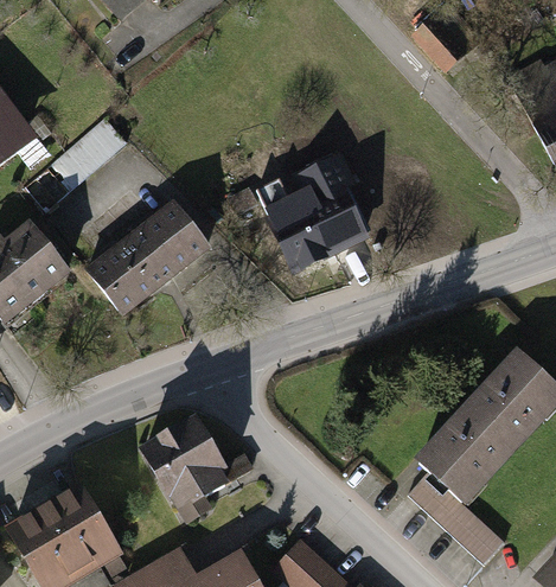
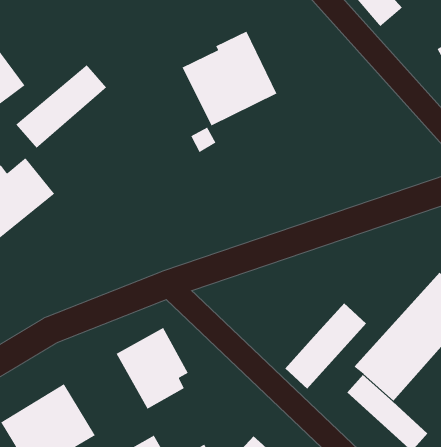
building: [261,161,372,273] -> [181,30,278,127]
building: [87,197,213,312] -> none
building: none -> [284,303,367,389]

